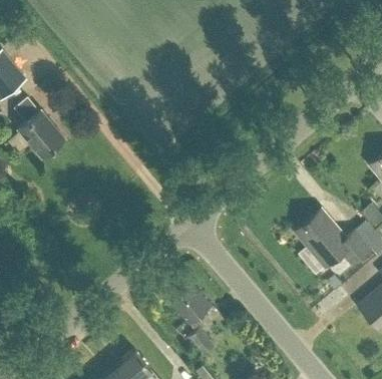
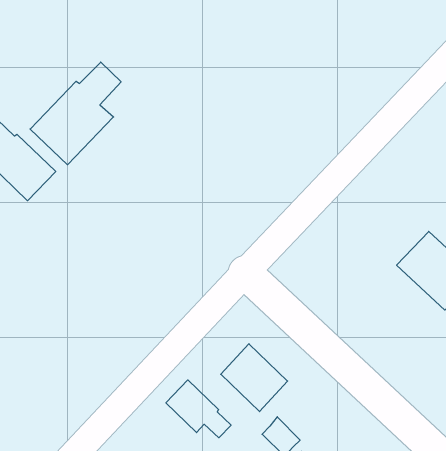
building: none -> [30,62,121,165]
building: none -> [166,380,231,438]

